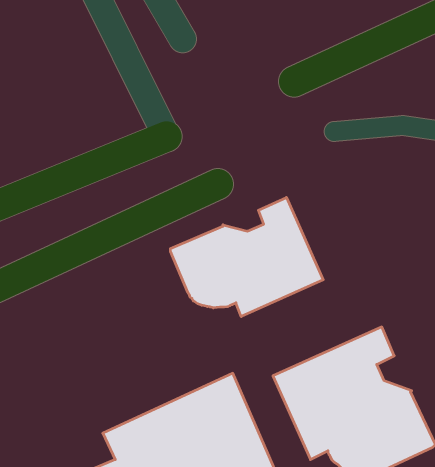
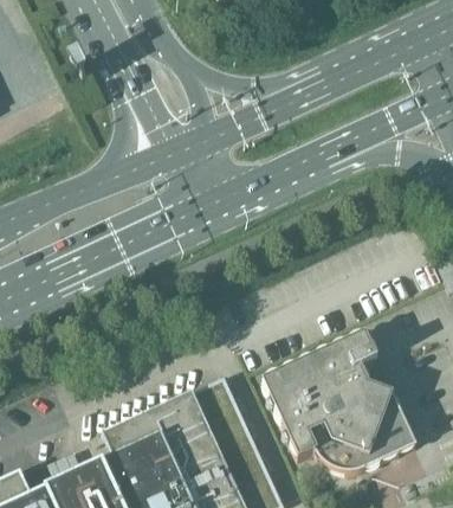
building: [170,197,323,317] -> none

